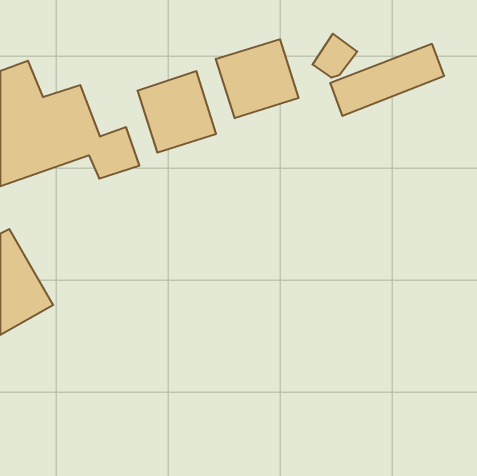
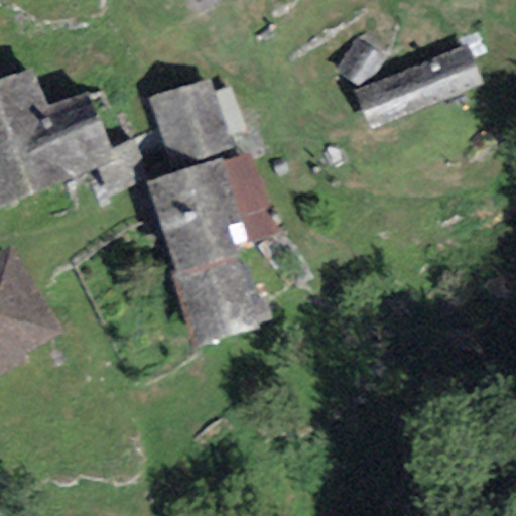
building: [216,39,299,118] -> none
building: none -> [146,157,259,345]

